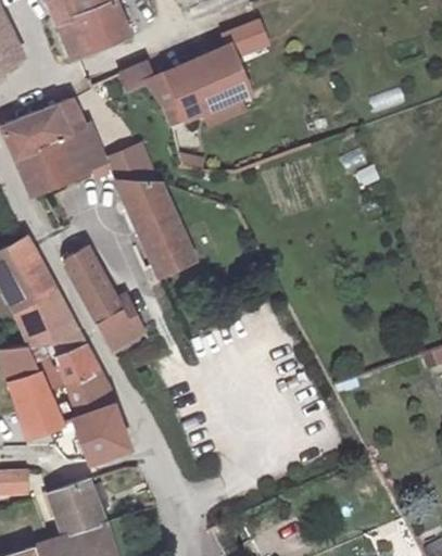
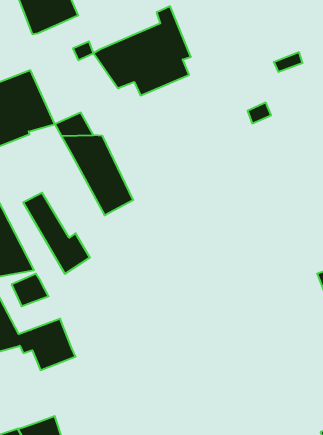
building: [64,374,111,414] -> none
building: [43,477,104,532] -> none

